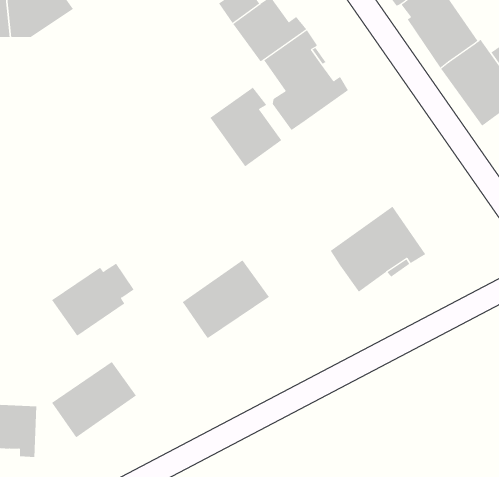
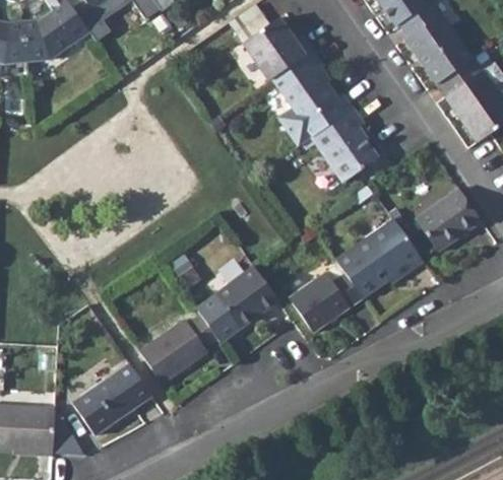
building: [209,87,282,167] -> [310,108,379,184]
building: none -> [415,188,483,253]
building: [51,263,135,337] -> [136,316,215,386]
building: none -> [287,273,361,335]

